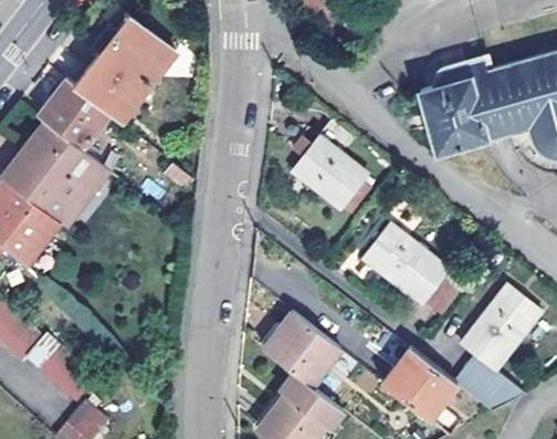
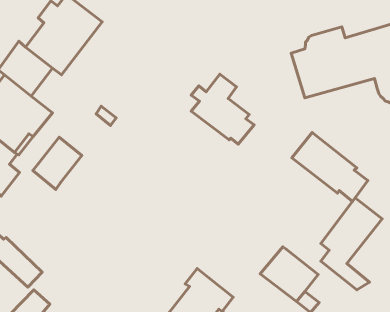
building: none -> [33,137,82,190]
building: [364,224,463,315] -> [292,132,368,201]
building: [266,316,341,389] -> none

